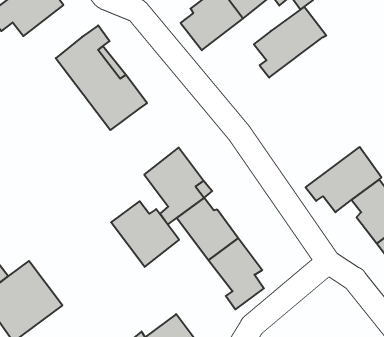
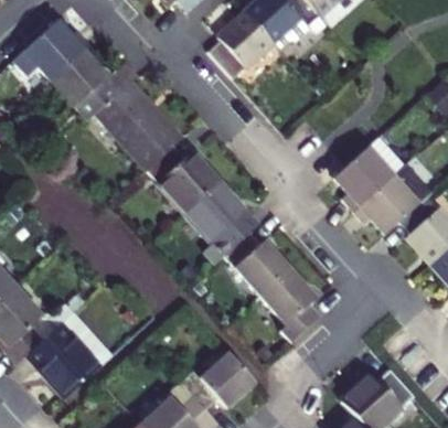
building: none -> [47,44,108,108]
building: [254,7,326,78] -> [333,135,407,211]
building: [111,201,179,267] -> [146,145,217,212]

